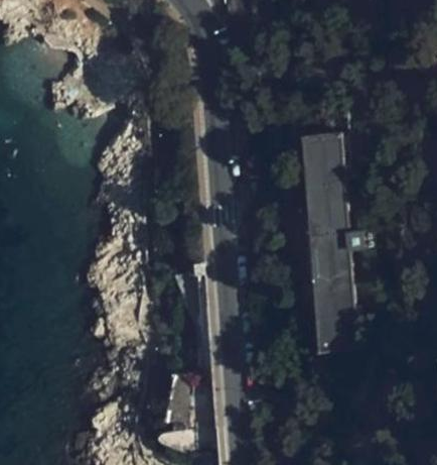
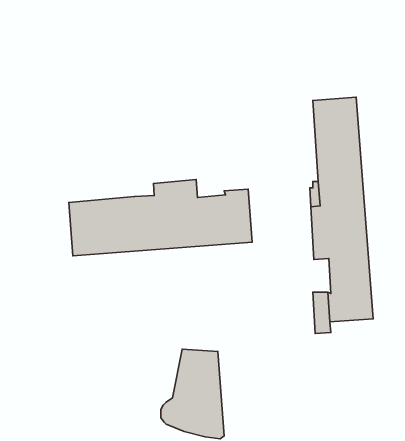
building: none -> [69,179,252,256]

